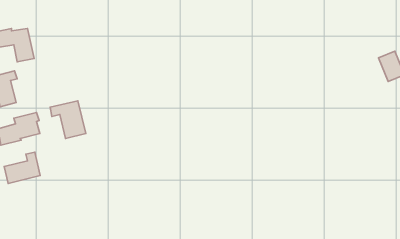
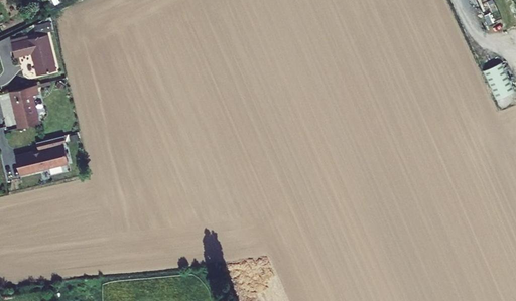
building: [50,101,86,139] -> none
building: [4,152,40,183] -> none

